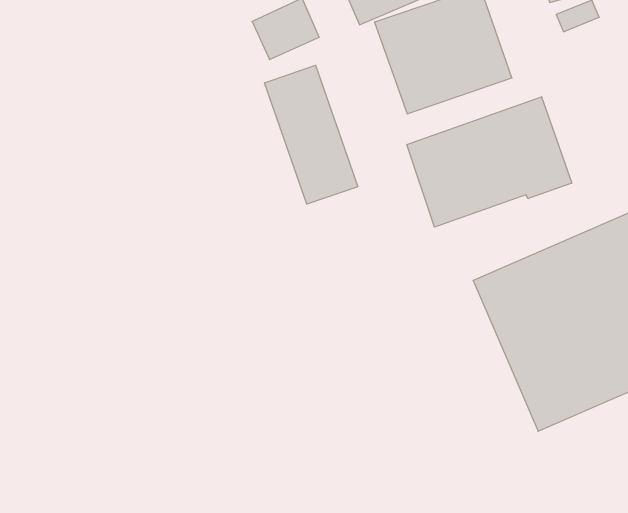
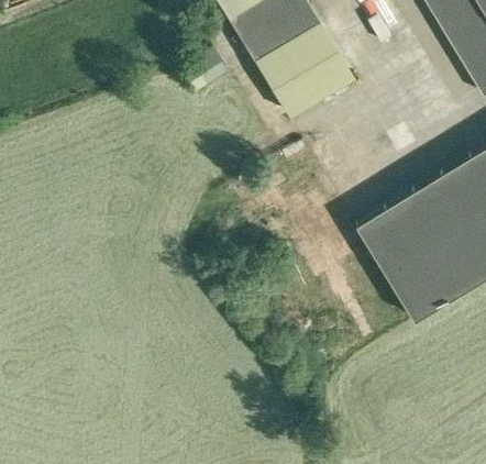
building: [265,65,358,204] -> none
building: [407,97,572,227] -> none

